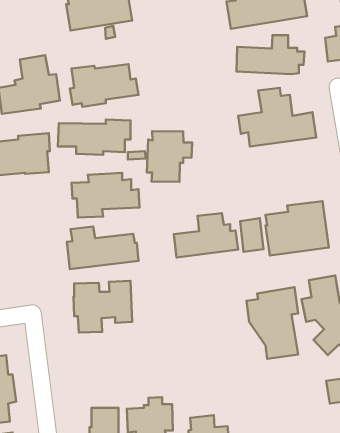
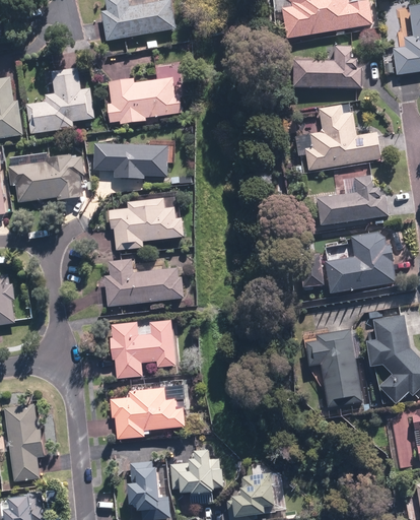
building: [147,131,192,182] -> none
building: [174,213,238,258] -> [316,175,388,224]
building: none -> [109,385,184,438]

